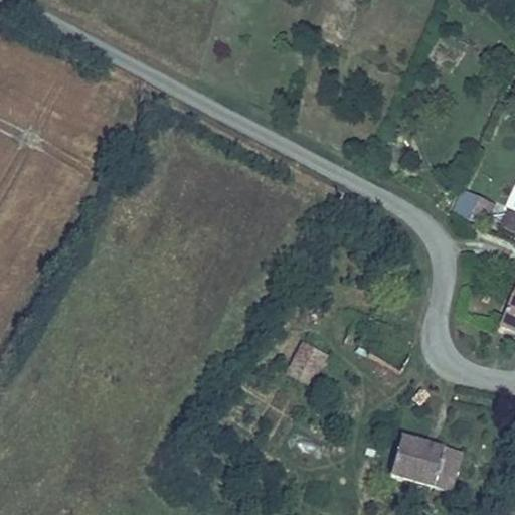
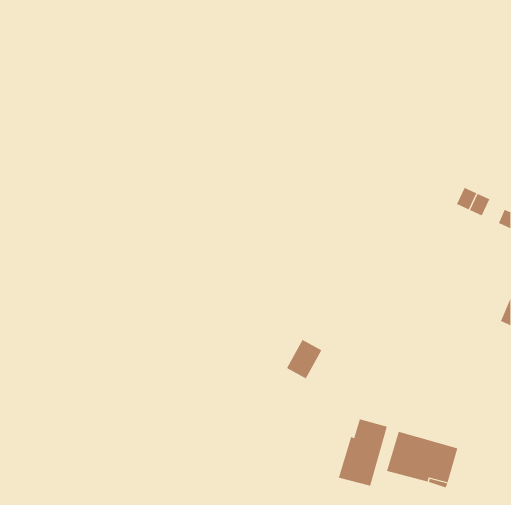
building: none -> [338,418,388,487]

